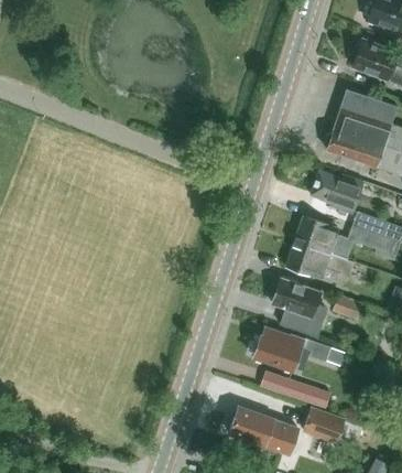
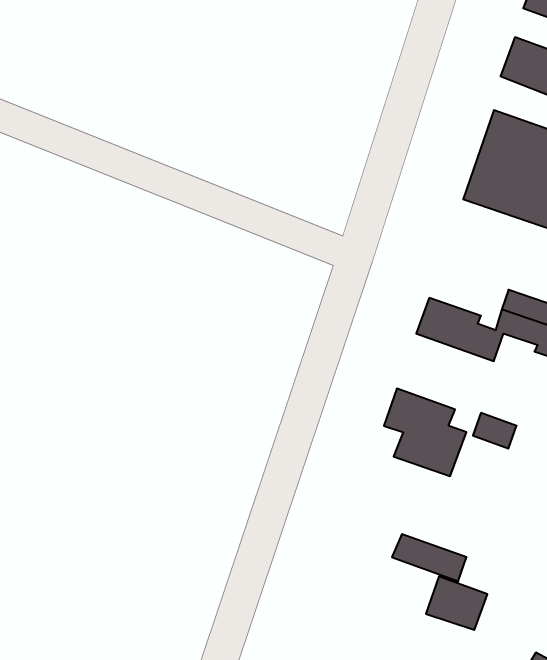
building: [311,171,362,214] -> none
building: [285,241,354,284] -> none
building: [253,329,330,370] -> none
building: [228,408,298,454] -> none

